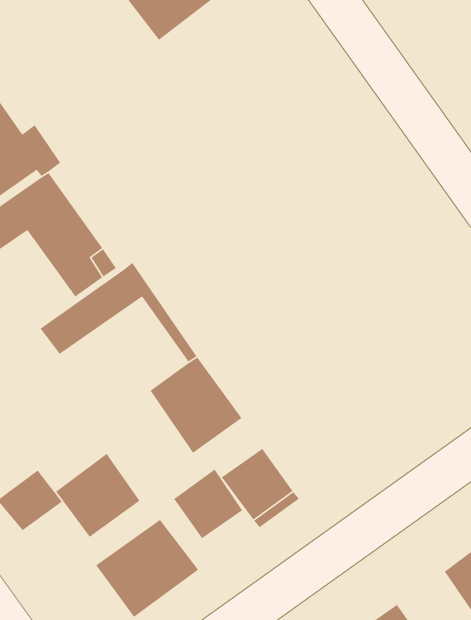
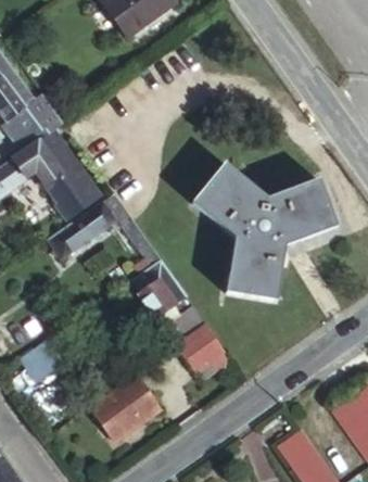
building: none -> [192,164,337,304]
building: [55,453,141,538] -> none
building: [173,468,243,539] -> none

